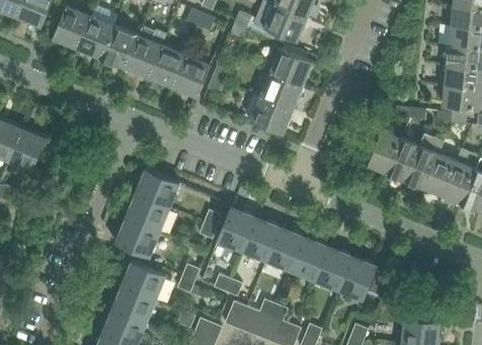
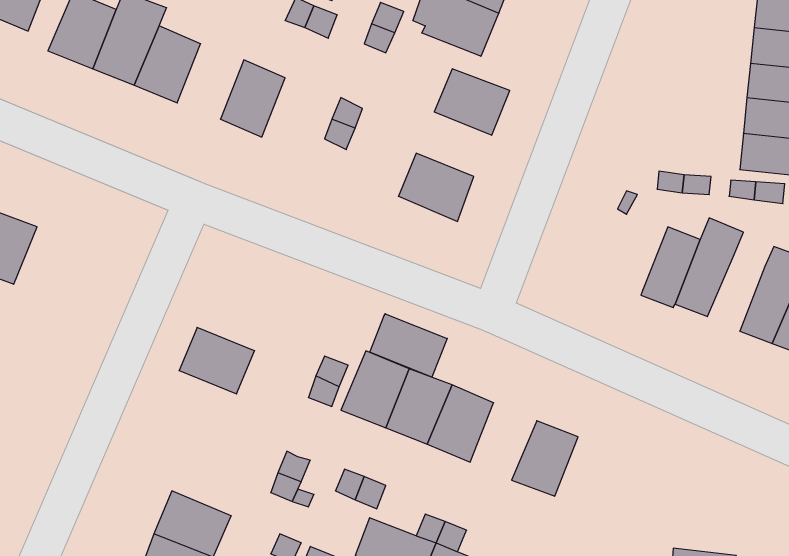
building: [125,34,162,77] -> none
building: [172,54,211,97] -> none
building: [259,73,302,109] -> none
building: [368,131,401,173] -> none
building: [423,153,456,196] -> none
building: [136,170,178,207] -> none
building: none -> [370,314,447,377]
building: [115,219,158,256] -> none
building: [290,237,327,280] -> none
building: [337,256,376,299] -> none
building: [122,262,165,300] -> none

